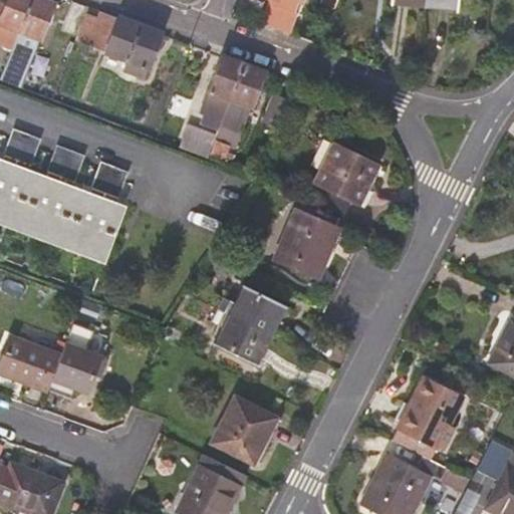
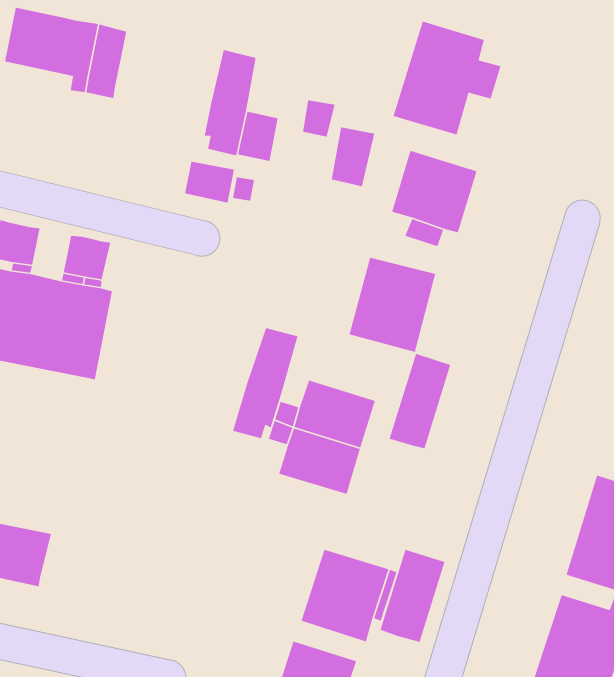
building: none -> [392,21,501,135]
building: [231,65,265,107] -> [331,127,375,187]
building: none -> [232,327,299,439]
building: none -> [388,353,451,449]
building: [45,324,96,393] -> none
building: none -> [379,549,446,643]

